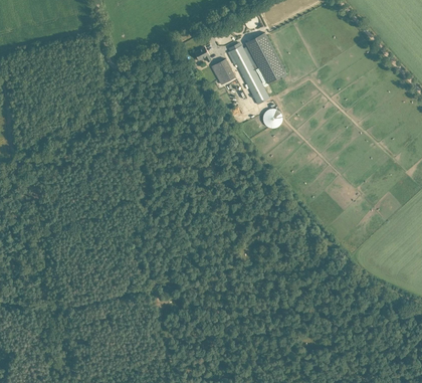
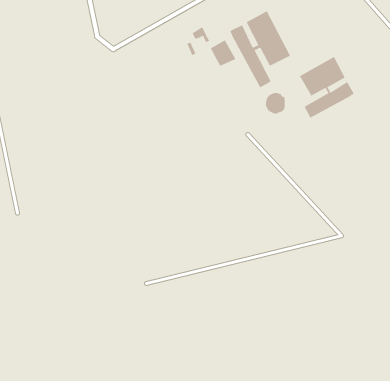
building: none -> [299,56,354,118]

